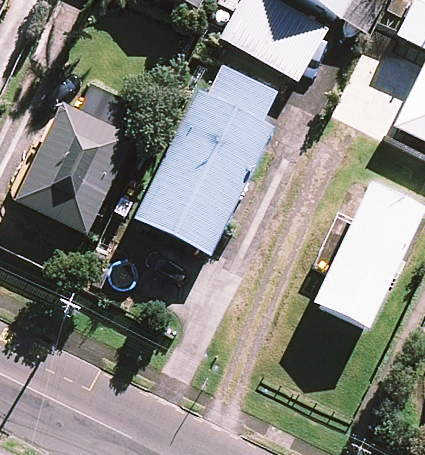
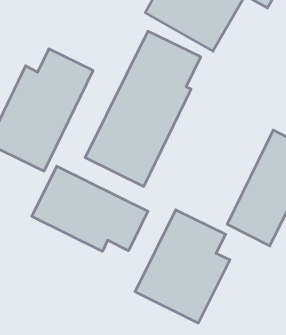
building: none -> [32,166,148,251]
building: none -> [135,210,230,323]

